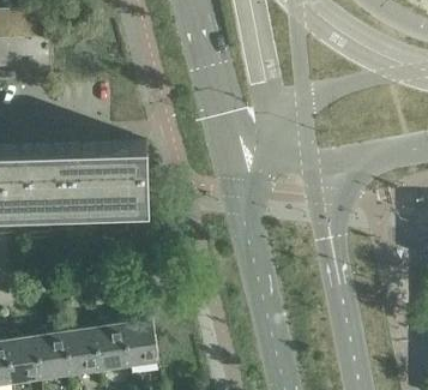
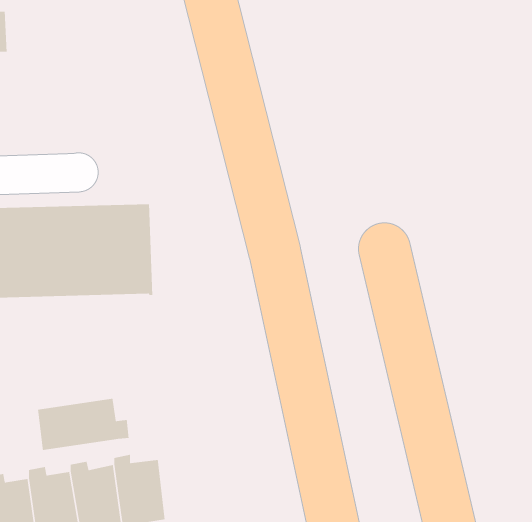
building: none -> [37,398,129,451]

